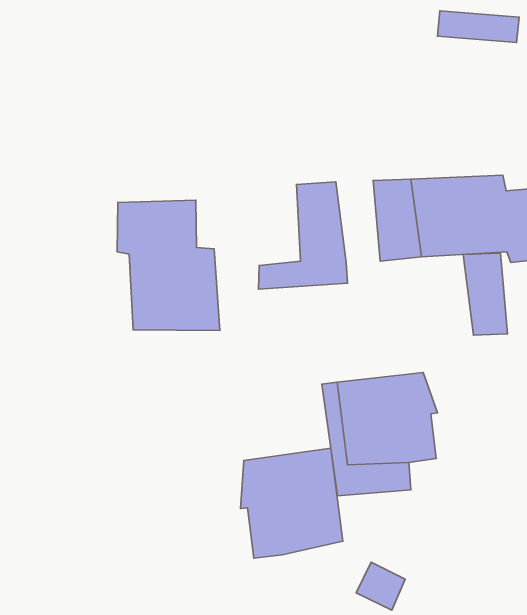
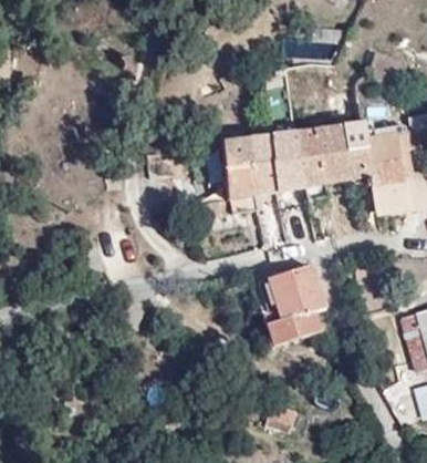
building: [117,200,220,330] -> none
building: [463,253,508,335] -> [241,141,275,196]
building: [240,448,343,558] -> none

